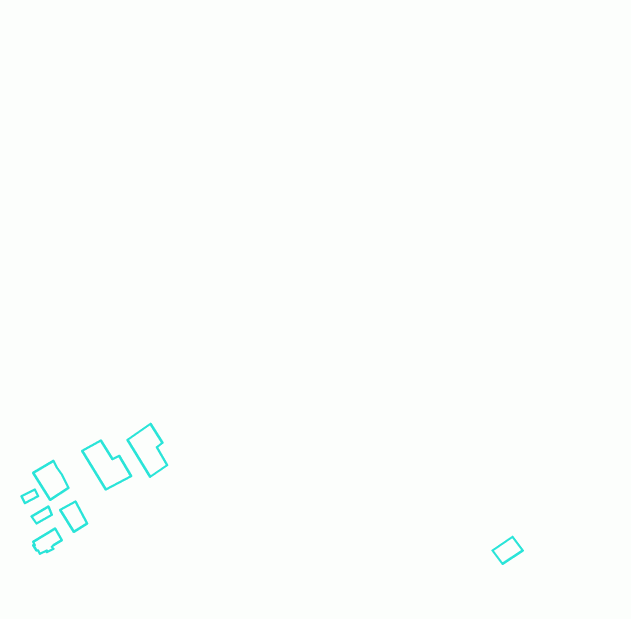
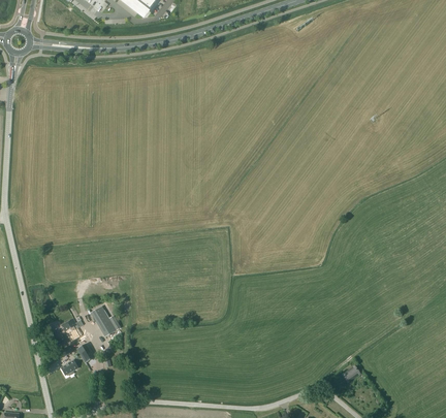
building: [128,424,167,477] -> none

